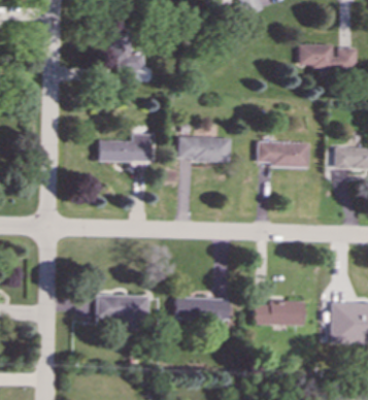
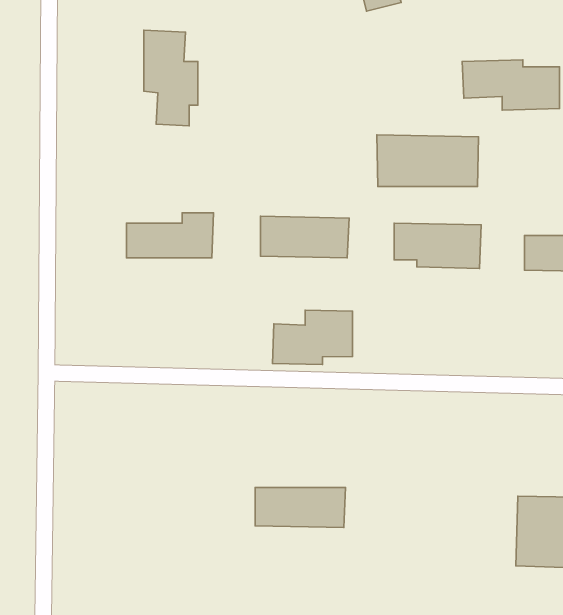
building: none -> [377,135,479,187]
building: none -> [273,310,352,364]
building: [96,294,149,326] -> none
building: [254,299,305,325] -> none

